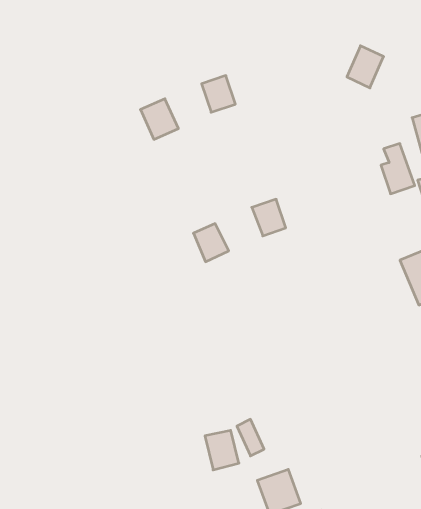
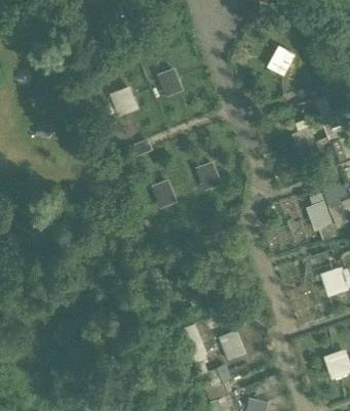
building: [205,430,239,470] -> [220,330,245,360]

